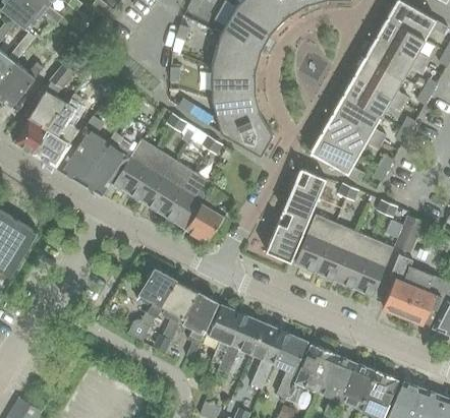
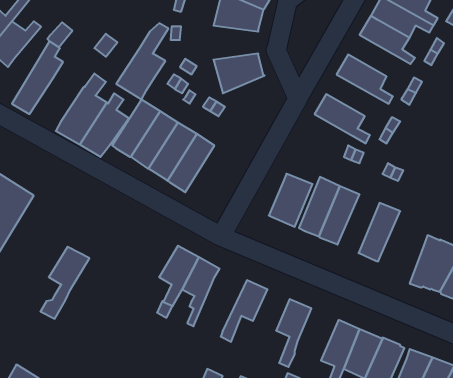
building: [211,66,255,100] -> none
building: [342,75,403,116] -> none
building: [32,94,82,168] -> [116,23,168,100]
building: [321,114,382,155] -> none
building: [219,115,272,156] -> none
building: [282,168,325,221] -> none
building: [179,186,223,242] -> none
building: [393,215,424,253] -> none
building: [332,231,373,288] -> none
building: [383,254,419,317] -> none
building: [128,270,176,340] -> [40,247,89,319]
building: [209,305,243,363] -> none
building: [249,323,285,389] -> none
building: [284,345,333,404] -> none

